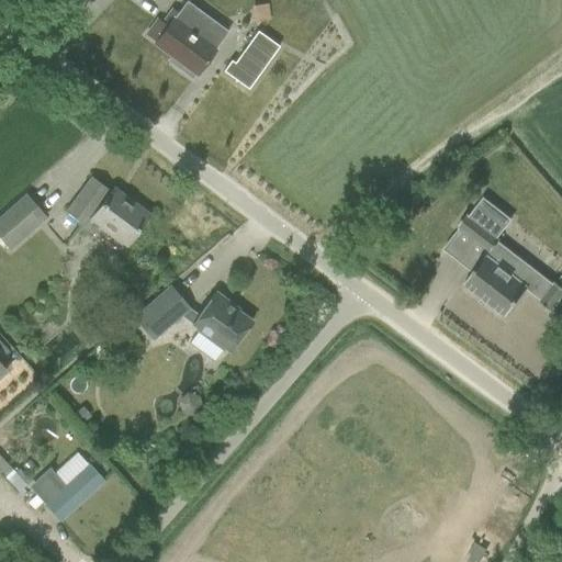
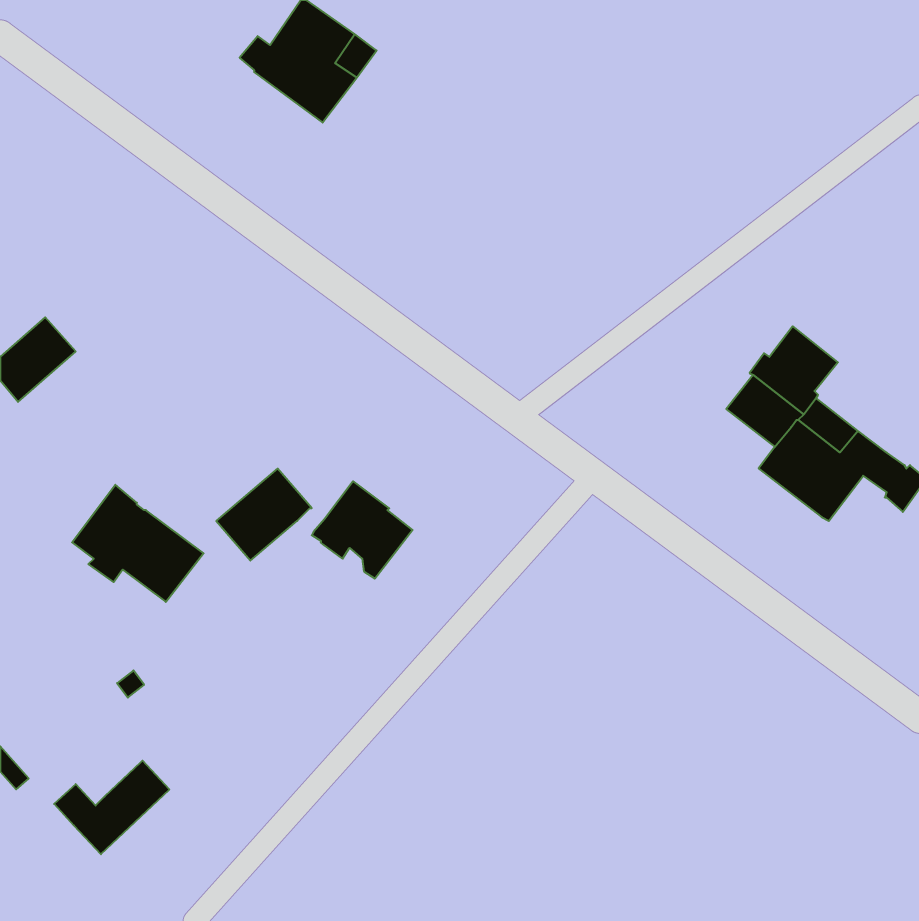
building: [223,31,279,89] -> none
building: [69,175,149,246] -> [72,485,204,602]

